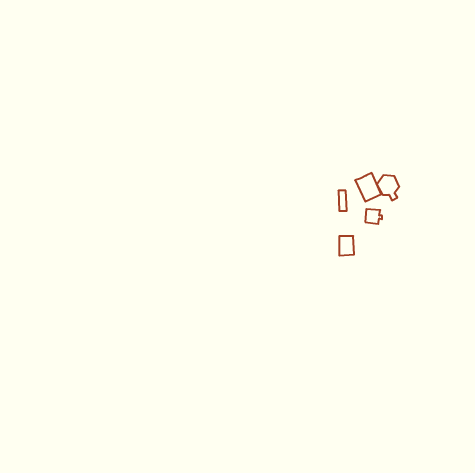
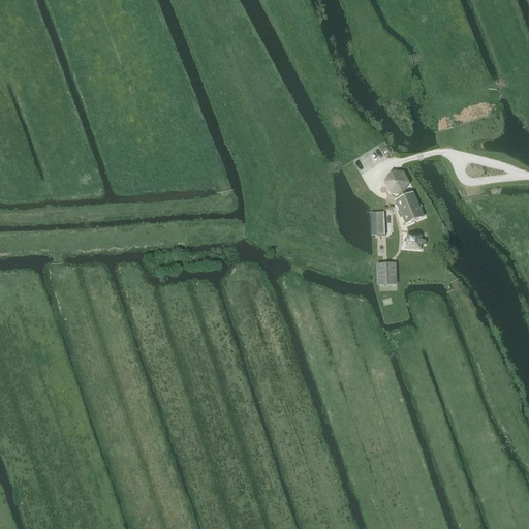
building: [377,175,399,200] -> [384,170,409,198]

